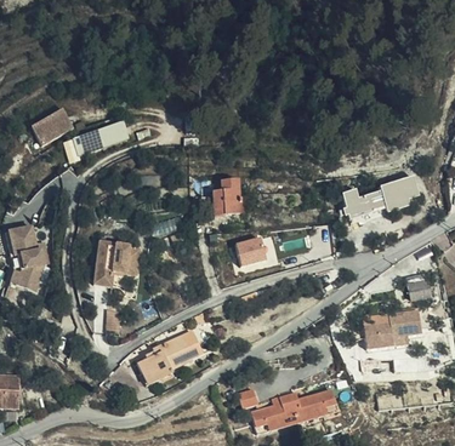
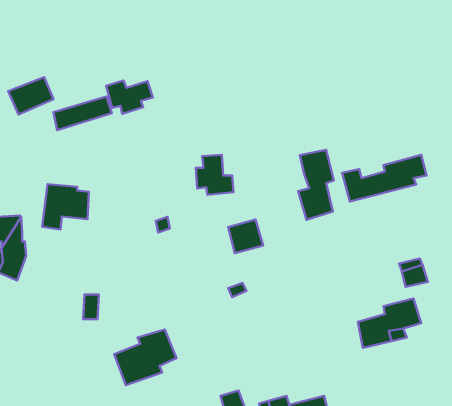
building: none -> [106,81,153,114]
building: none -> [298,150,334,220]
building: [91,241,135,284] -> [42,184,89,230]

